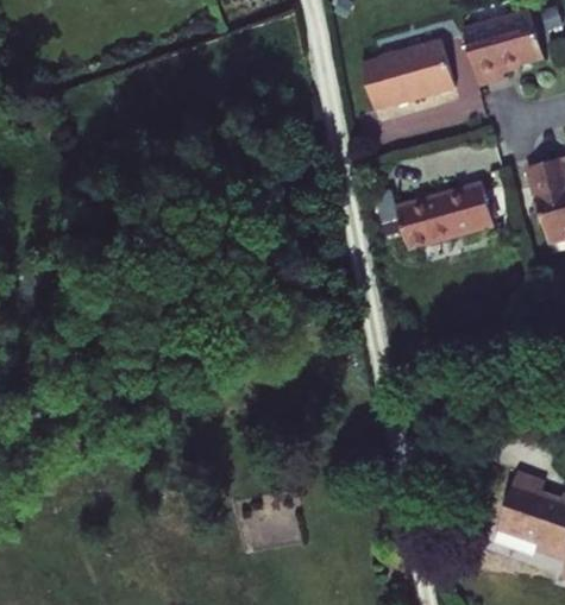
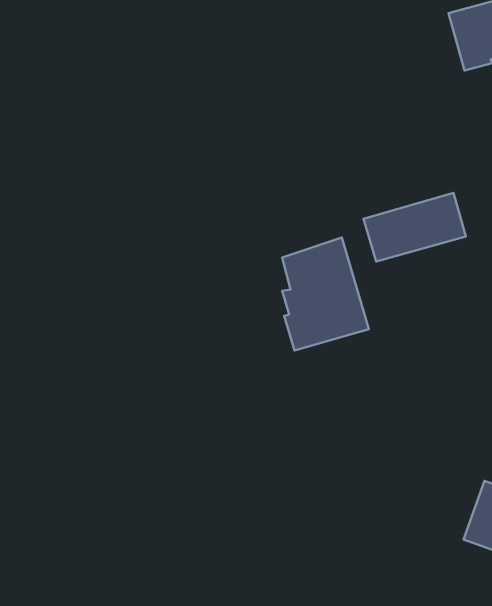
building: [375,33,467,102] -> none
building: none -> [282,238,369,350]

